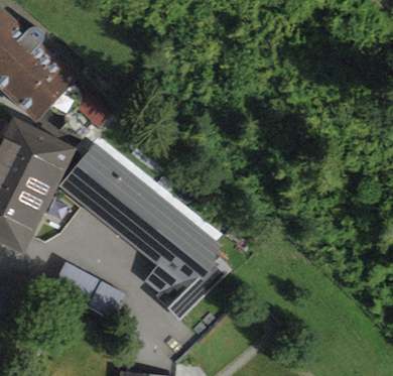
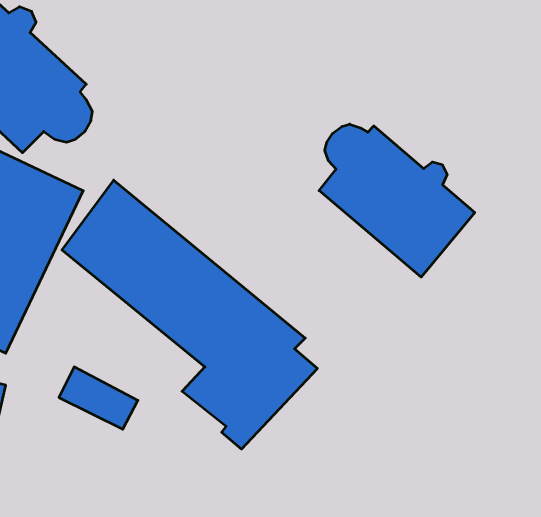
building: none -> [319,124,475,277]

